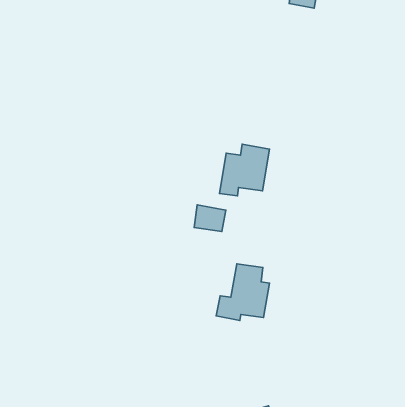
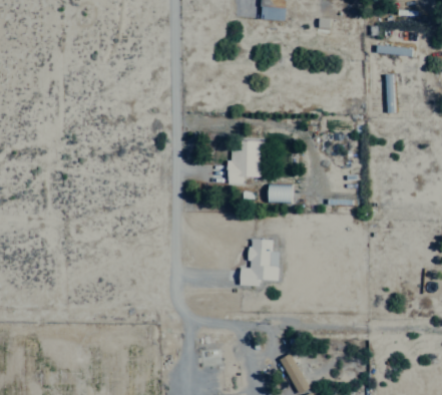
building: [194,205,226,231] -> [269,183,293,203]

